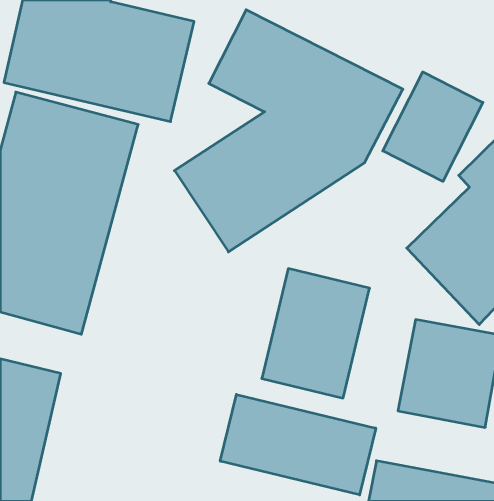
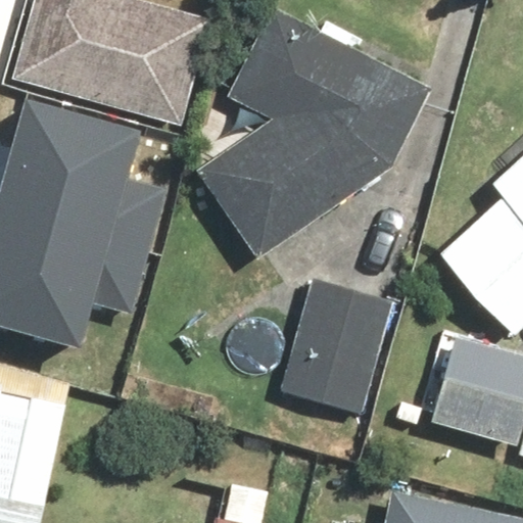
building: [383,72,483,181] -> none
building: [220,394,376,495] -> none

